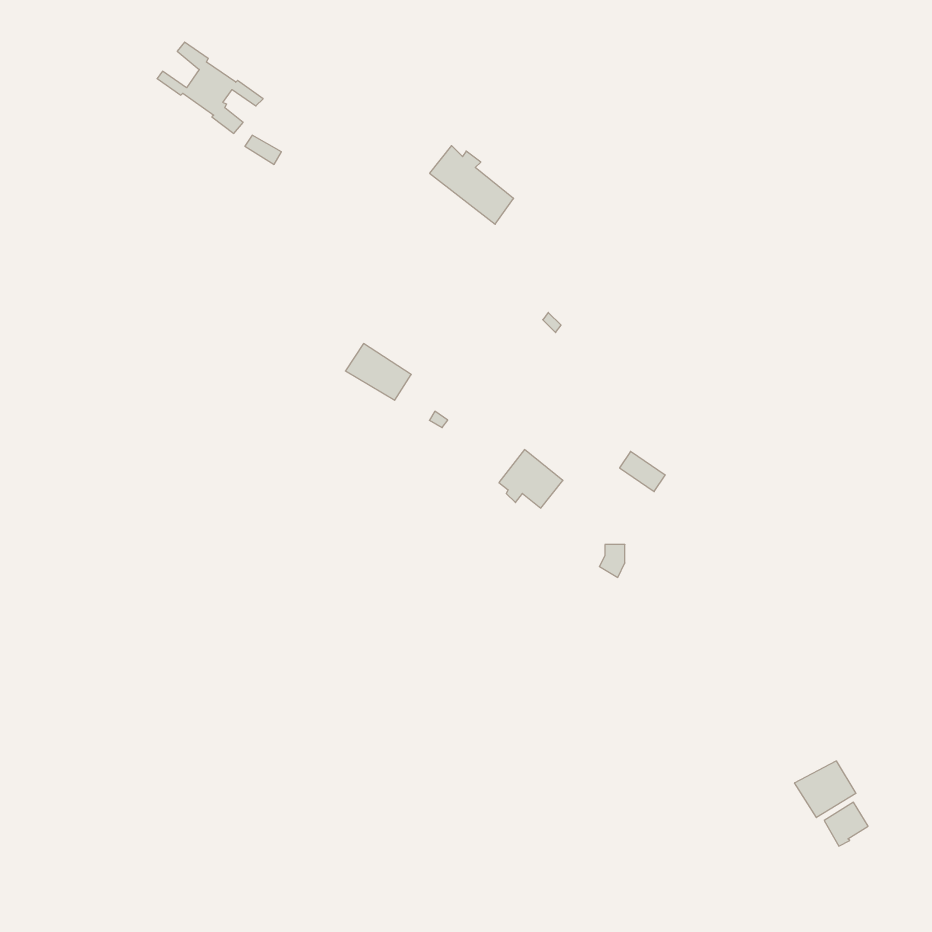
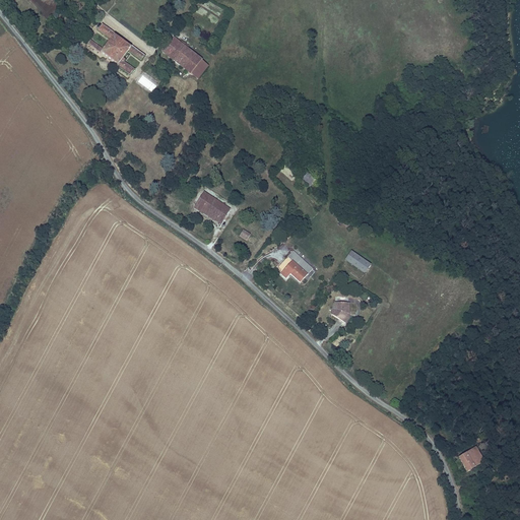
building: [430,146,514,224] -> [162,36,209,79]
building: [795,761,856,818] -> none

